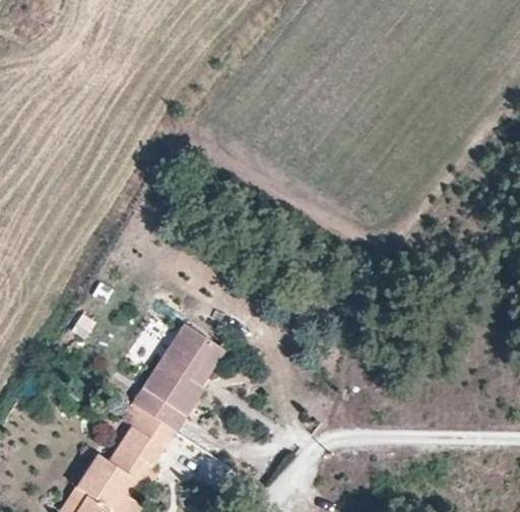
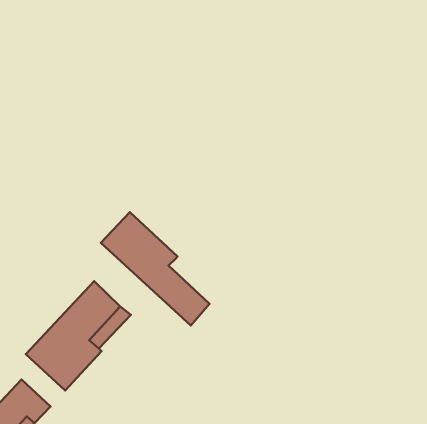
building: none -> [101,212,209,325]
building: [121,402,175,447] -> none

